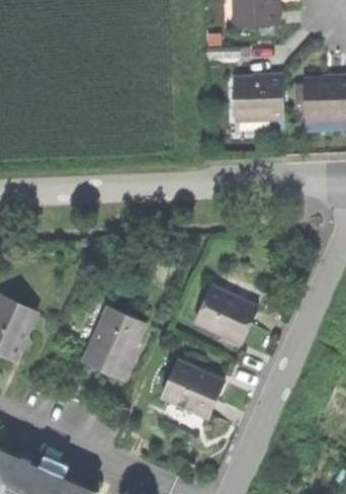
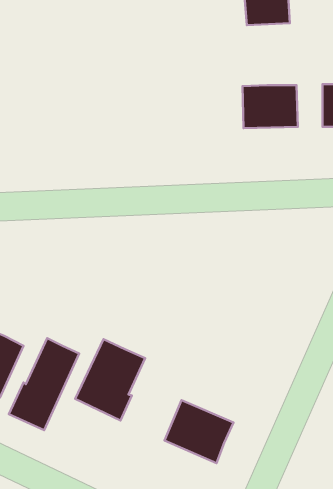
building: [190,285,258,345] -> none
building: none -> [9,338,79,430]

